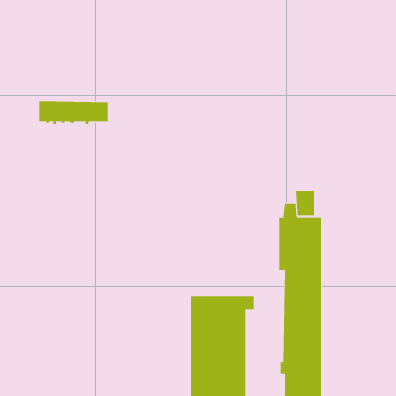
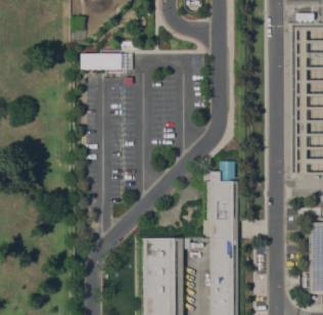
building: [39,101,109,125] -> [83,52,134,70]

